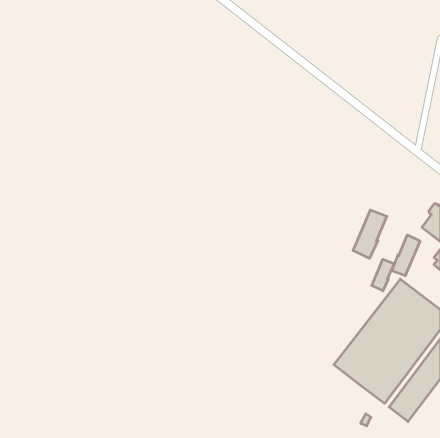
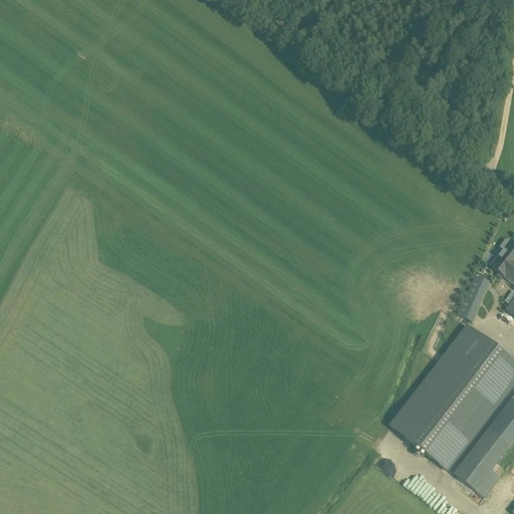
building: [353,210,387,258] -> none
building: [372,259,394,291] -> none

